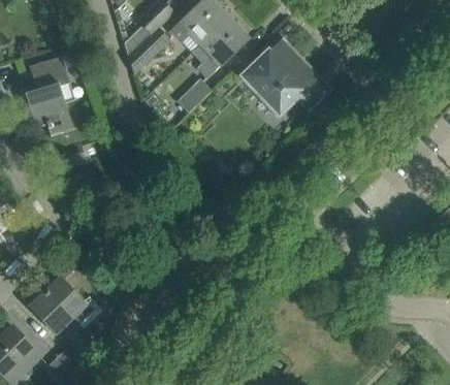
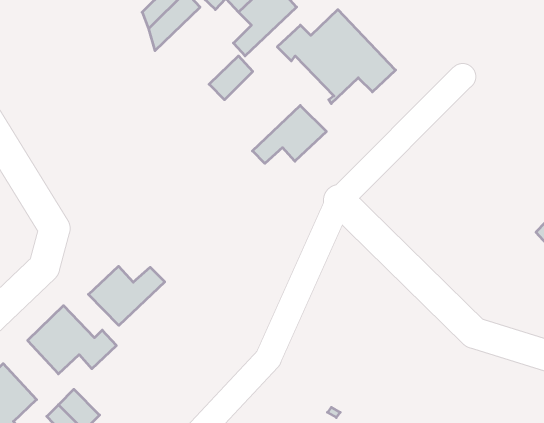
building: [26,56,74,135] -> none
building: none -> [252,105,326,163]
building: none -> [88,266,165,325]

